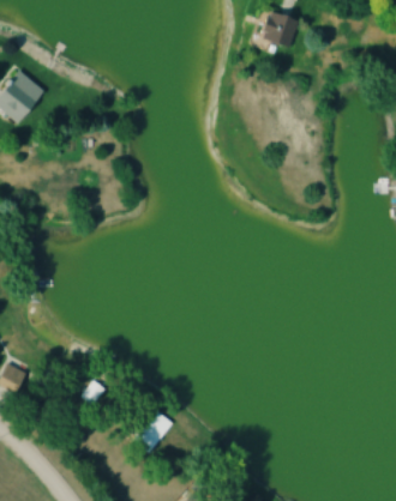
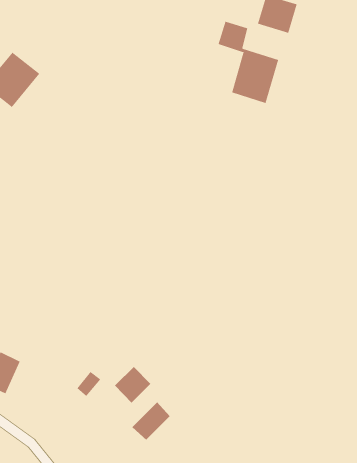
building: none -> [218,21,279,104]
building: none -> [114,366,151,404]

